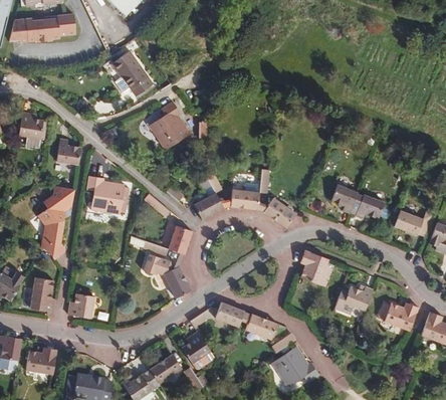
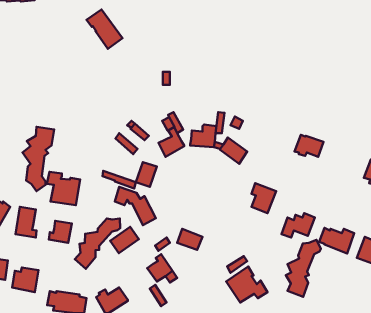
building: [150,103,191,151] -> none
building: [18,113,47,147] -> none
building: [56,139,80,165] -> none
building: [86,176,125,214] -> [47,172,80,205]
building: [330,186,358,215] -> none
building: [394,210,432,237] -> none
building: none -> [75,218,120,269]
building: [245,314,277,340] -> none
building: none -> [286,240,321,297]
building: [149,354,182,384] -> [110,227,139,253]

